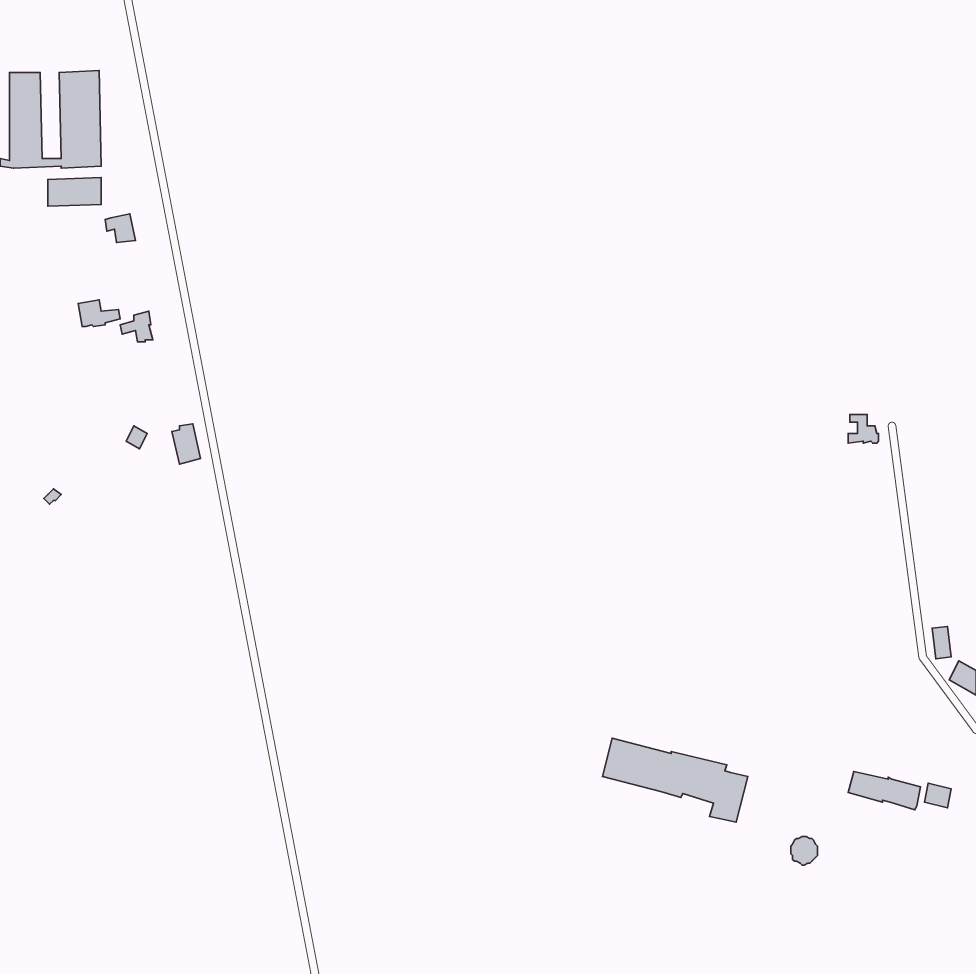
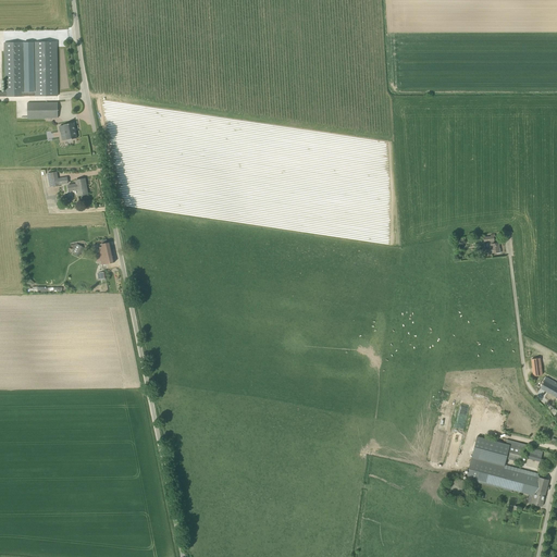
building: [603,738,748,822] -> [466,457,548,505]

